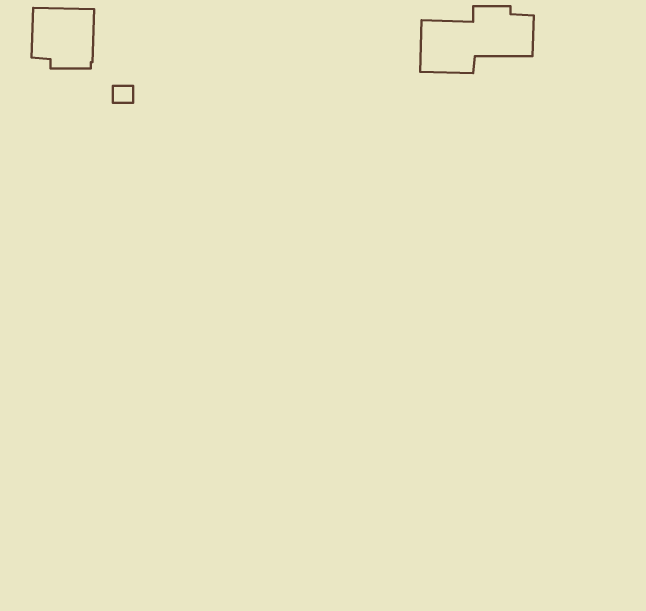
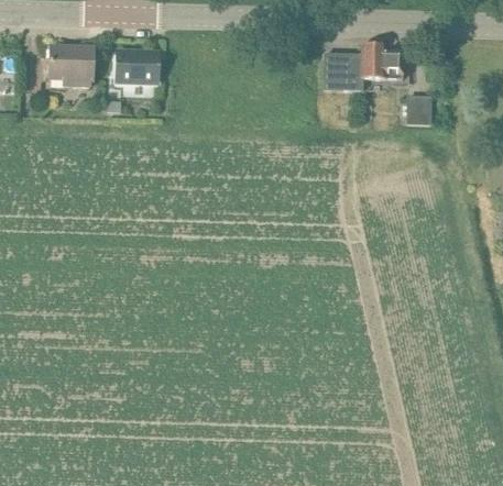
building: none -> [118,49,161,82]
building: none -> [408,95,433,123]

